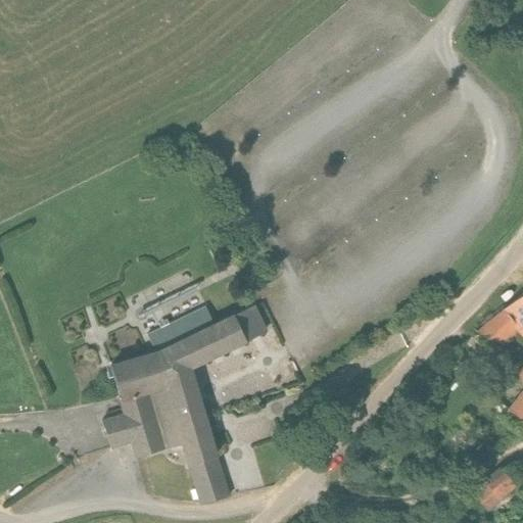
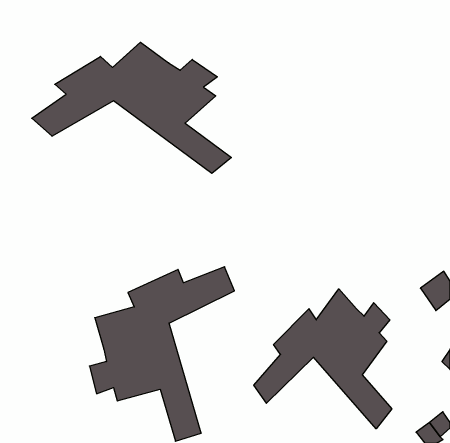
building: none -> [32,42,231,173]
building: none -> [254,289,392,429]

